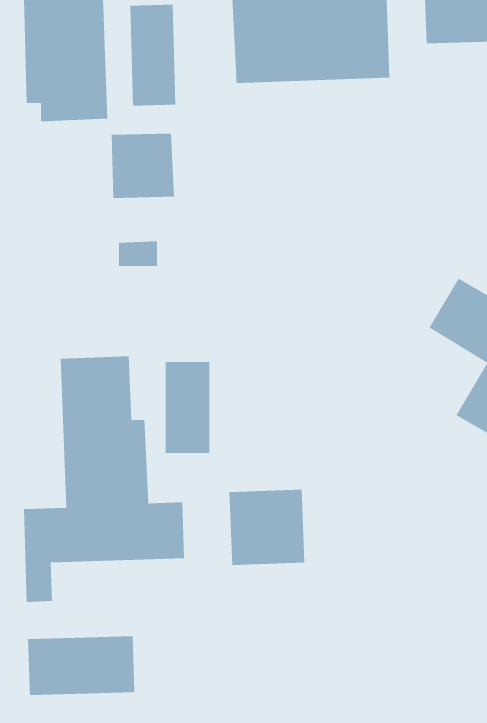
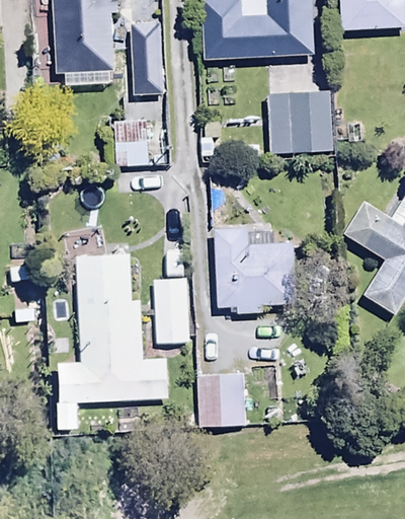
building: none -> [269,74,333,134]
building: none -> [215,226,297,314]
building: [28,635,135,696] -> none

